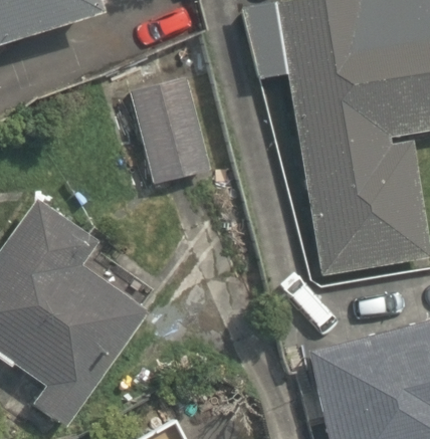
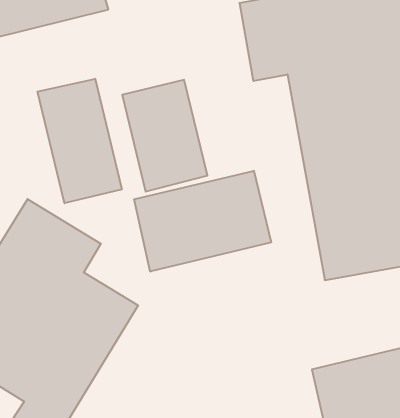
building: none -> [38,79,122,203]
building: none -> [134,171,271,272]

